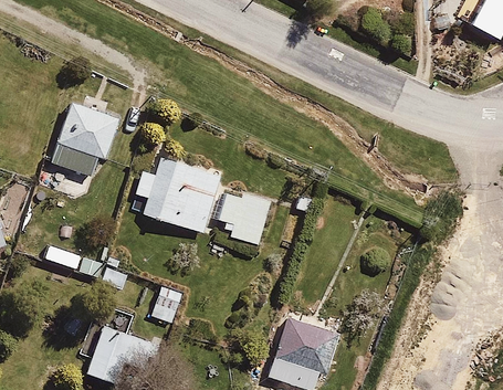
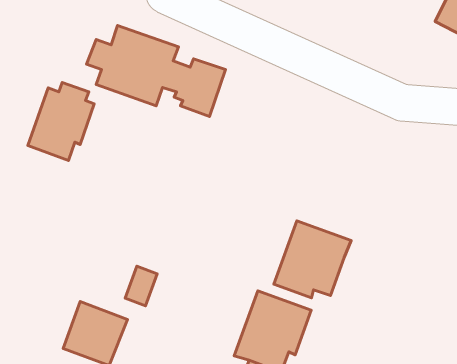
building: [129,152,273,246] -> [87,26,226,116]
building: none -> [274,221,351,298]

